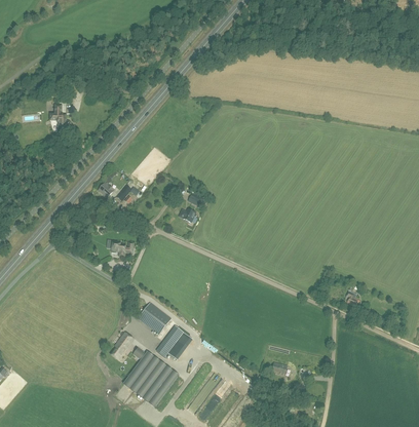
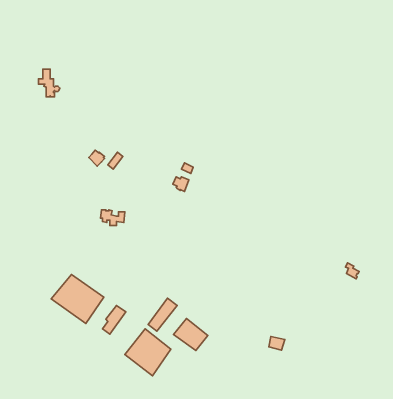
building: none -> [51,274,104,323]
building: [138,303,170,334] -> [174,319,208,350]

